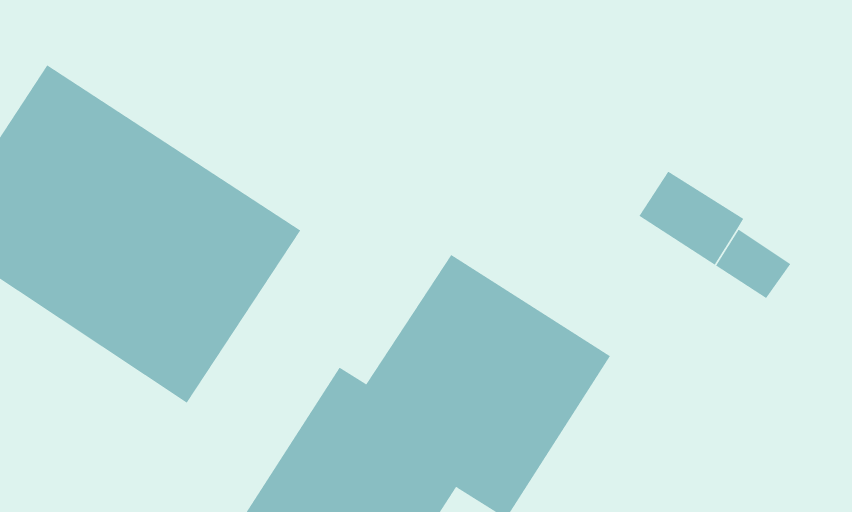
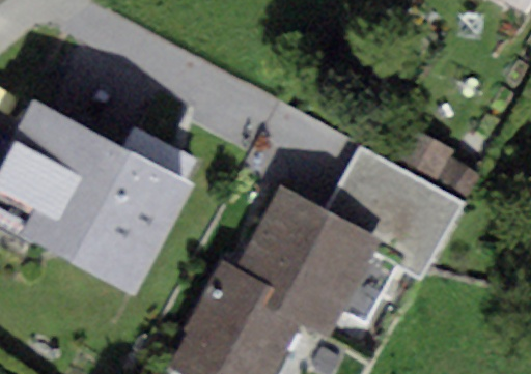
building: none -> [325,149,466,267]

